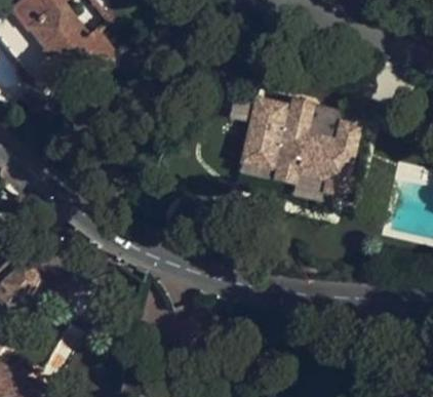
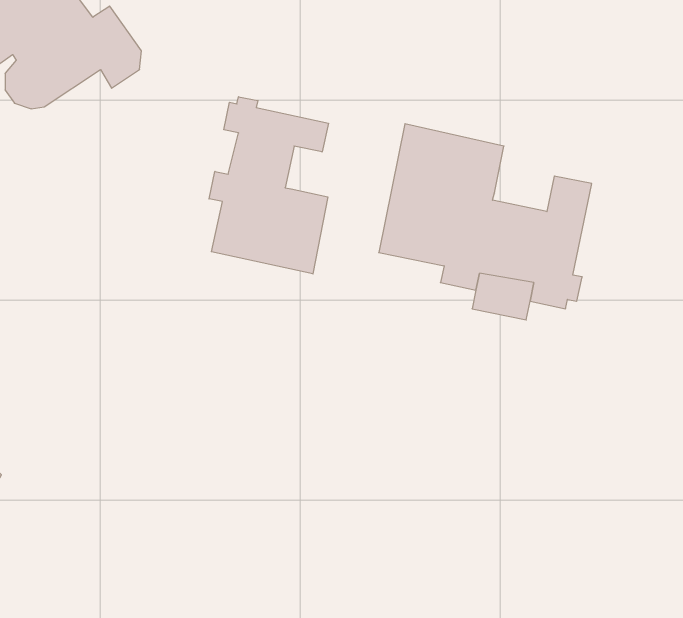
building: none -> [209,97,328,274]
building: [307,105,343,141] -> none

